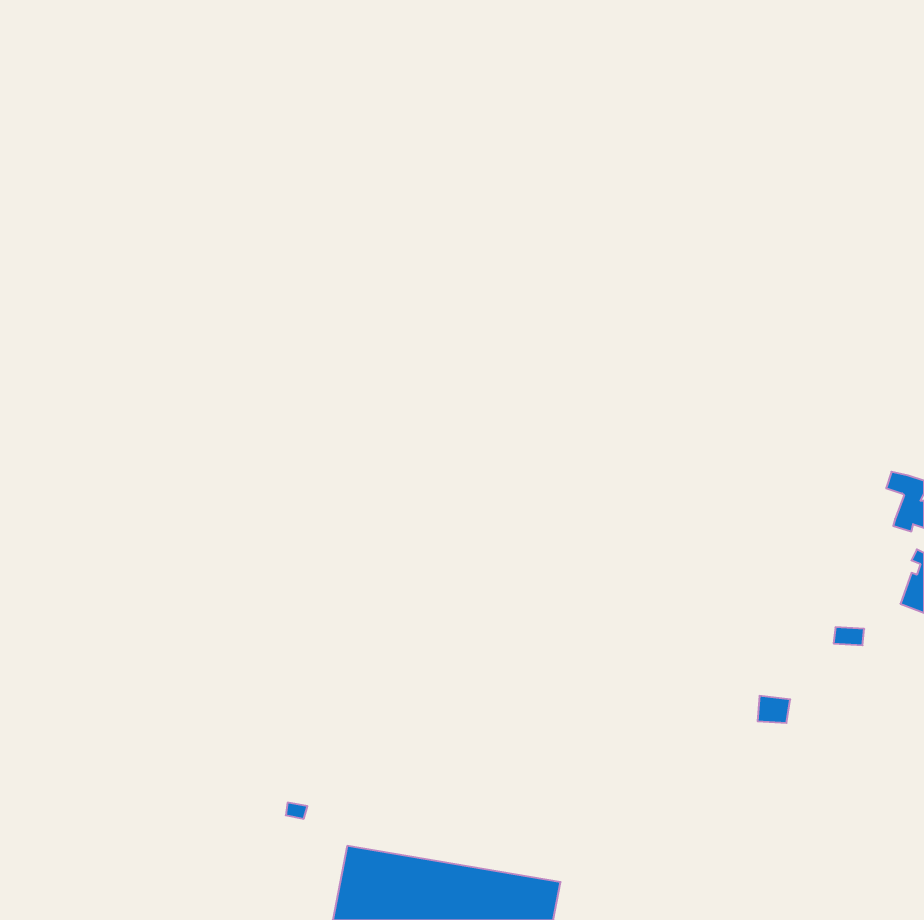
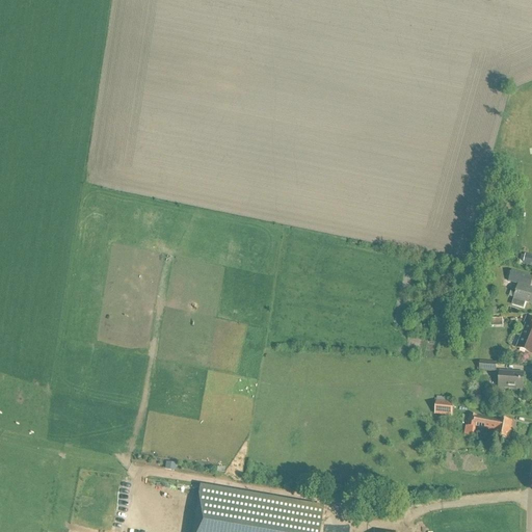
building: none -> [499,370,524,389]
building: none -> [464,415,511,437]

